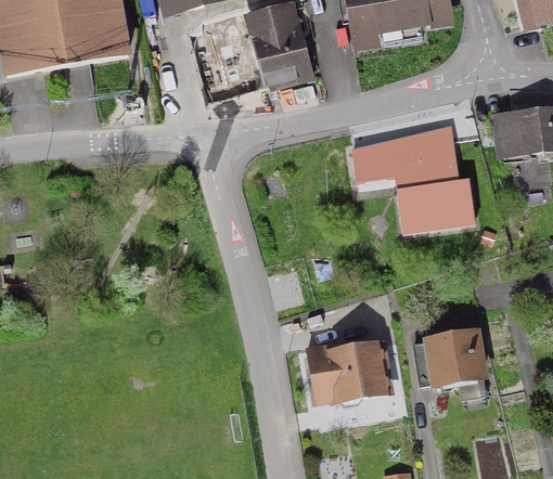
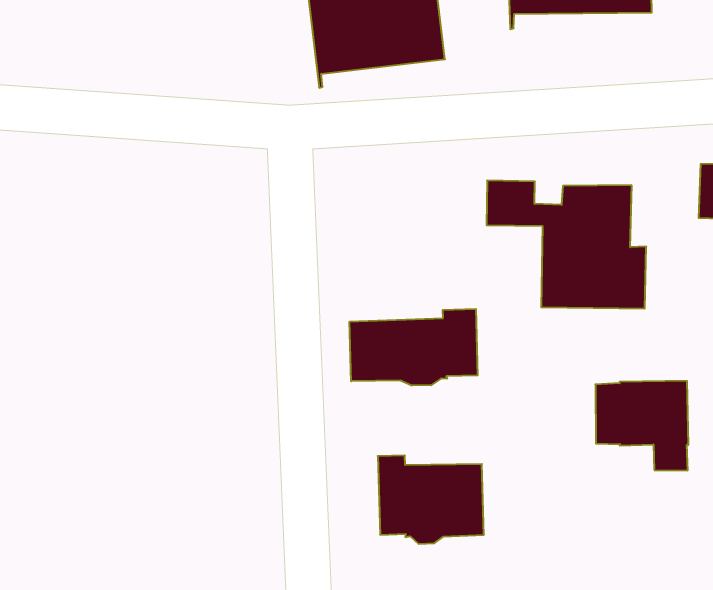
building: none -> [350,309,478,386]
building: [414,332,486,396] -> [595,381,688,470]

